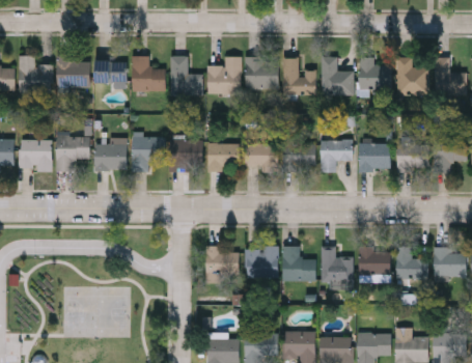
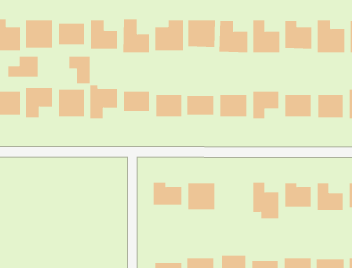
building: none -> [8,56,38,78]
building: none -> [69,56,90,84]
building: [283,246,316,280] -> none

